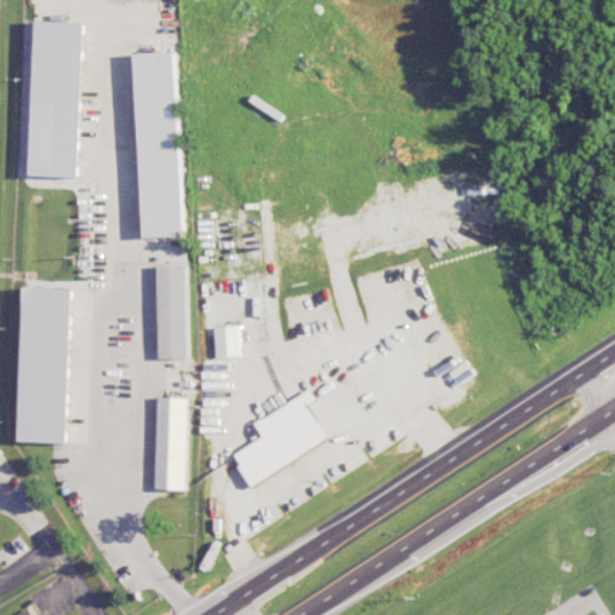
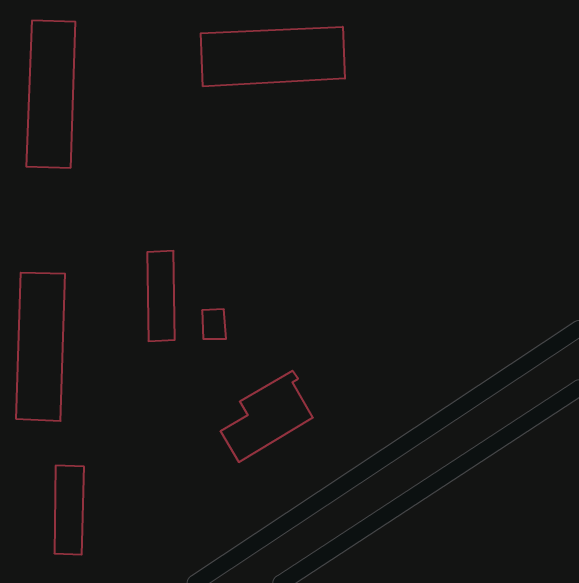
building: none -> [201,27,345,86]
building: [132,52,180,238] -> none
building: [154,396,185,490] -> [54,466,84,555]

